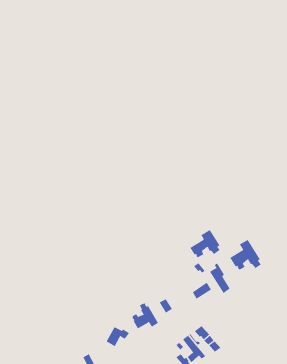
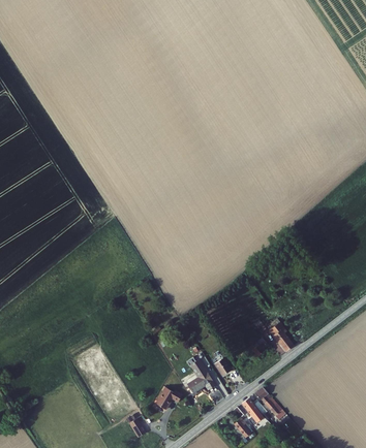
building: [189,229,220,258] -> none
building: [230,239,262,271] -> none

